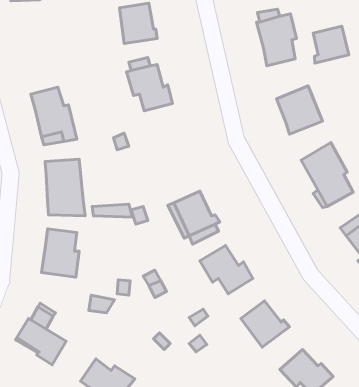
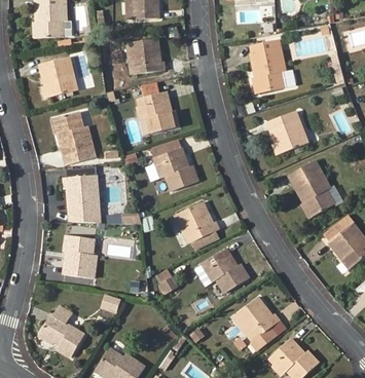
building: none -> [39,56,76,97]
building: [313,26,349,63] -> none
building: none -> [154,148,195,189]

